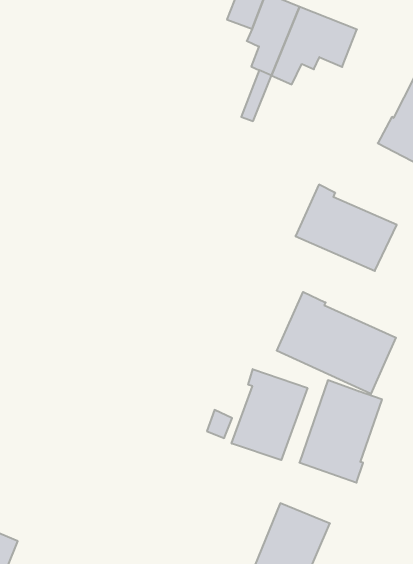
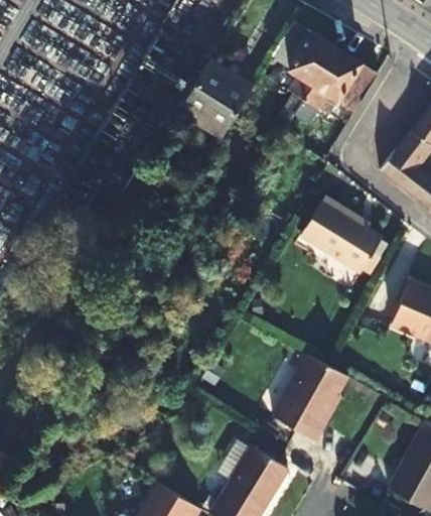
building: none -> [178,59,254,138]
building: [277,292,396,394] -> none
building: [232,369,307,460] -> none

